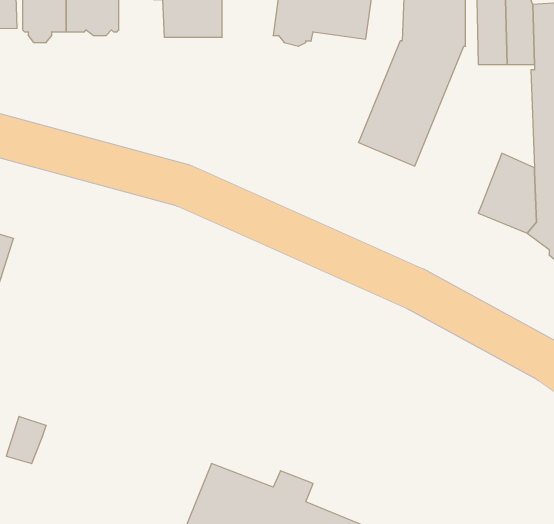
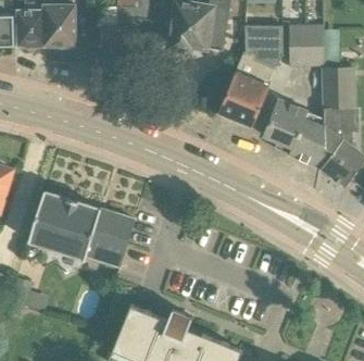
building: none -> [263,100,307,155]
building: none -> [28,191,135,269]

